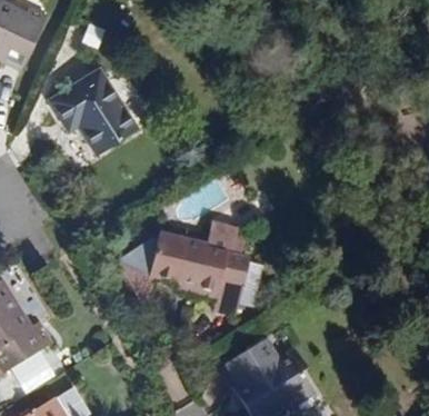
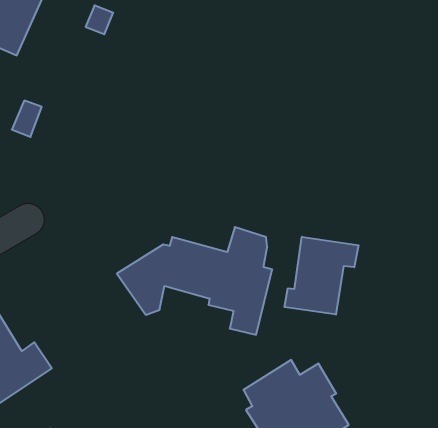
building: [51,71,132,153] -> none
building: none -> [284,237,359,315]

